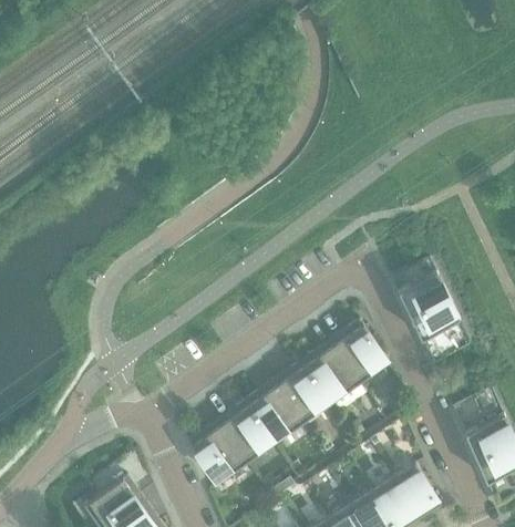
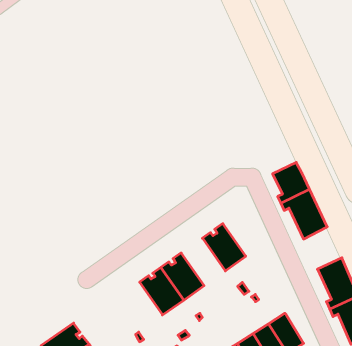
building: [329,320,393,395] -> none
building: [272,361,332,425] -> none
building: [187,421,247,485] -> none

